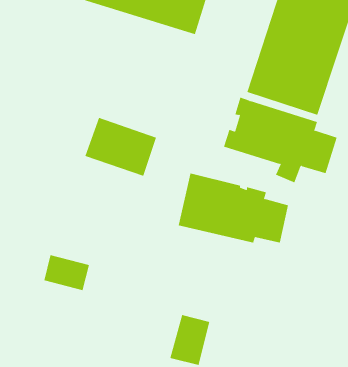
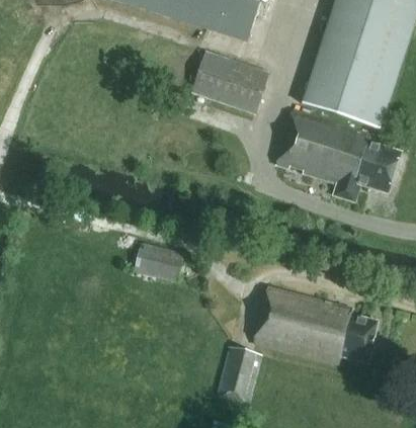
building: [85,117,157,177] -> [190,50,269,114]
building: [178,173,289,243] -> [256,285,378,362]
building: [43,255,90,291] -> [134,242,184,281]

